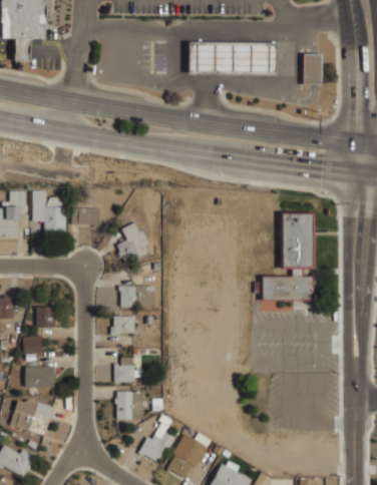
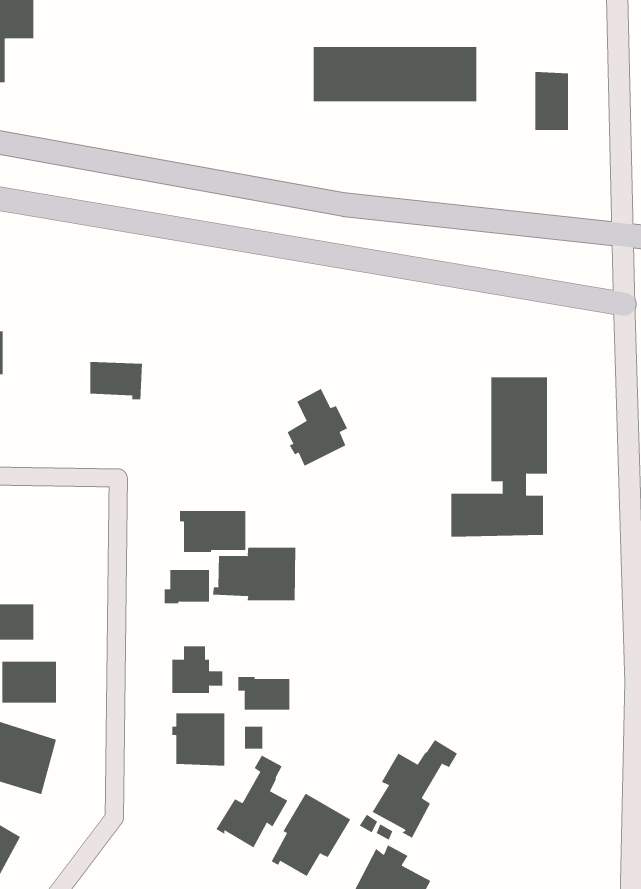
building: [32,190,66,234] -> none
building: [116,222,148,264] -> [287,388,348,467]
building: none -> [213,547,296,601]
building: [35,306,54,327] -> none
building: none -> [238,676,290,710]
building: none -> [372,739,458,838]

